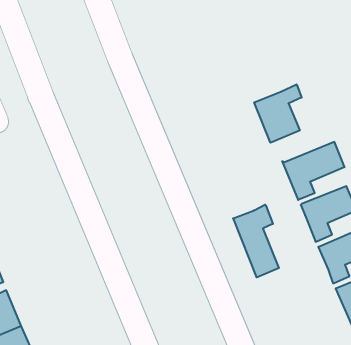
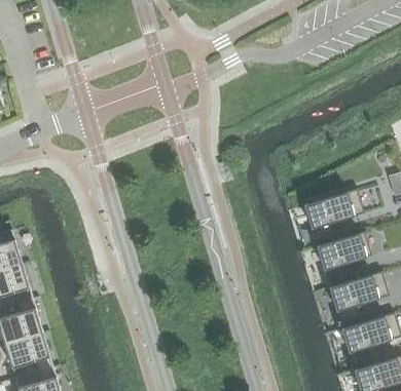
building: [254,84,302,143] -> none
building: [233,205,279,277] -> none

